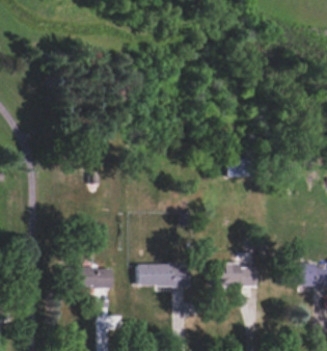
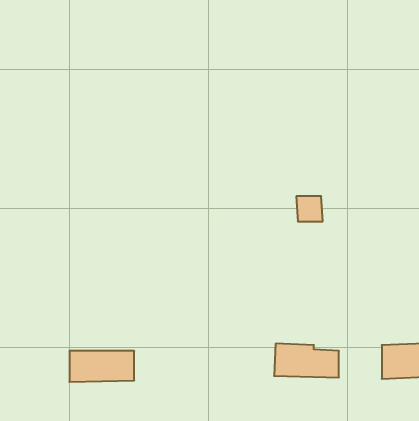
building: [138,263,190,287] -> none

